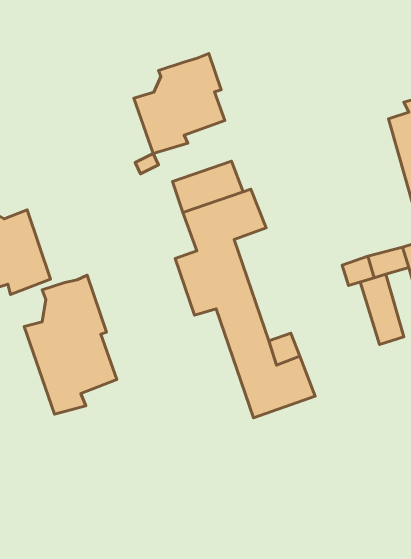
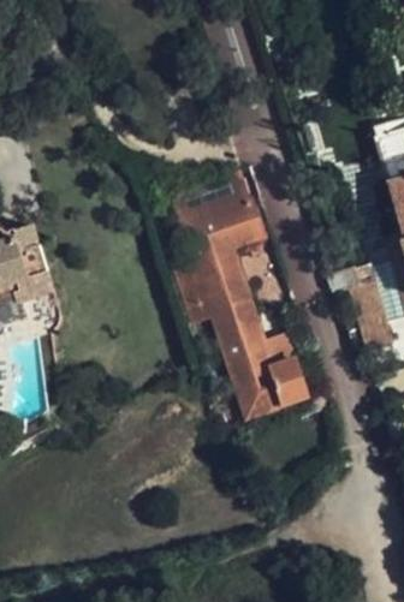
building: [134,54,225,153] -> none
building: [24,275,117,414] -> none

